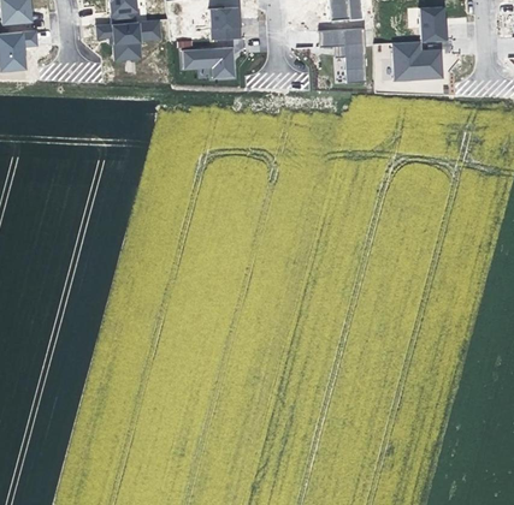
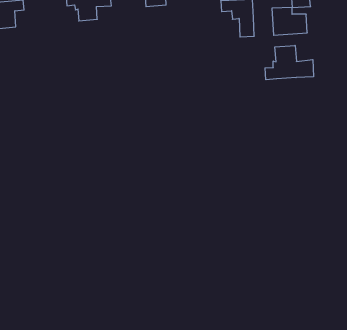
building: [183,47,235,78] -> none
building: none -> [265,45,313,80]

